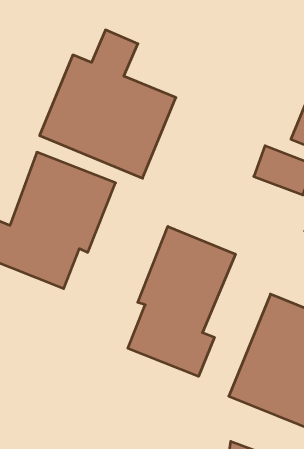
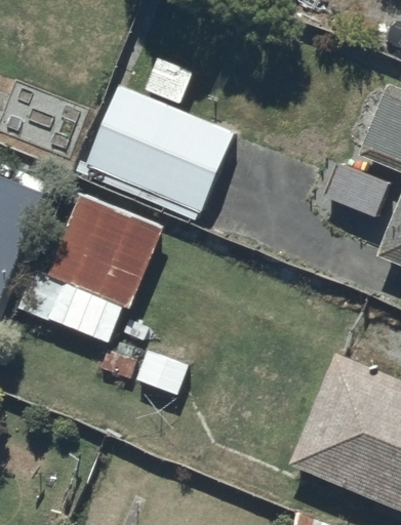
building: [128,226,235,376] -> none

